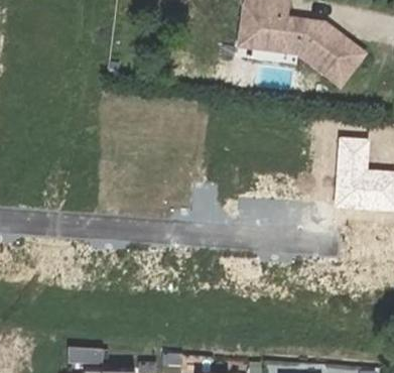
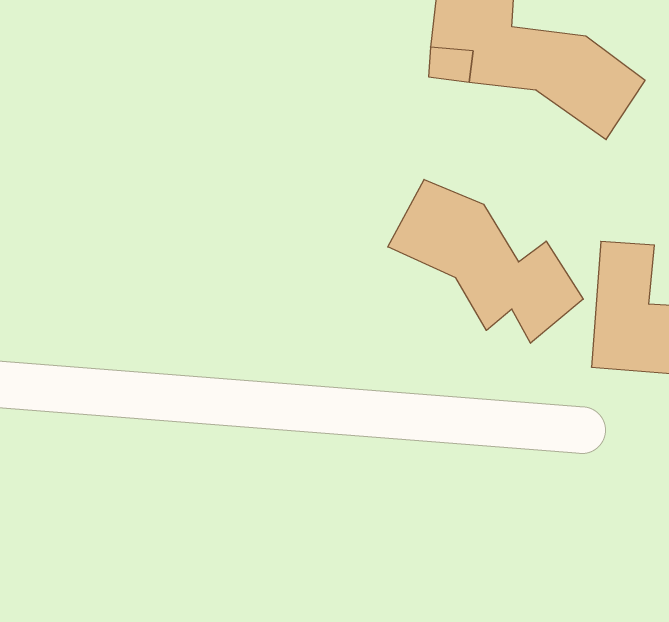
building: none -> [388,179,583,343]

